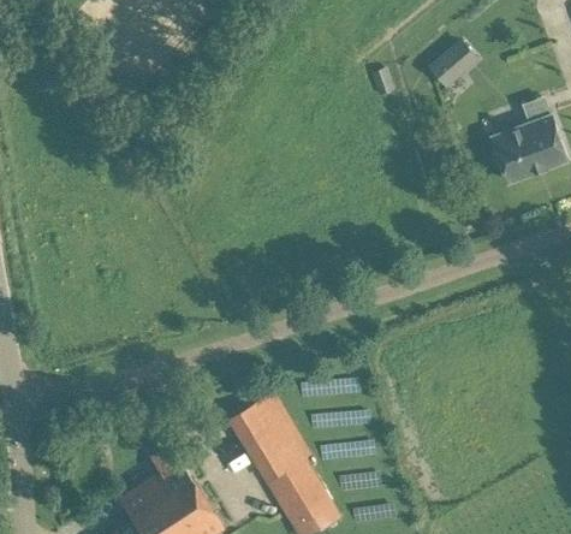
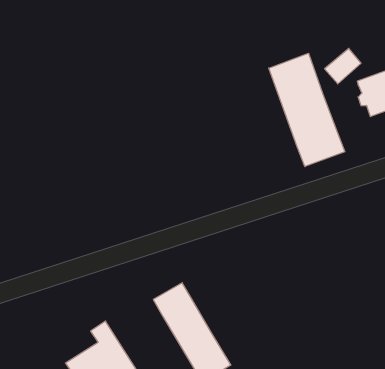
building: [430,41,477,87] -> [325,48,361,84]
building: none -> [269,53,345,167]

